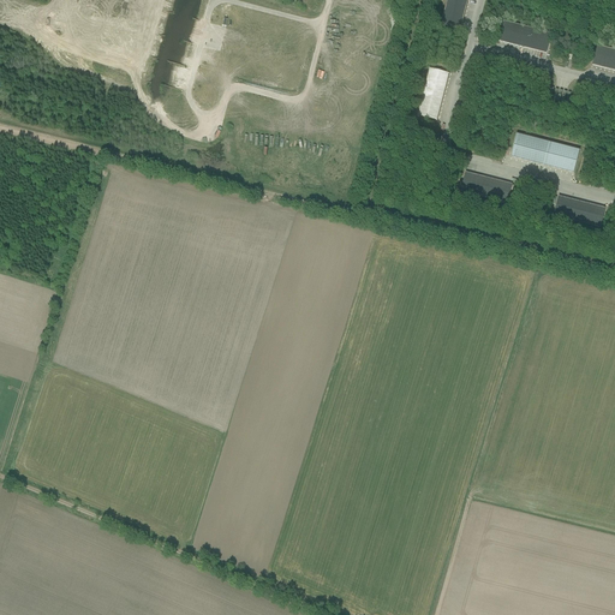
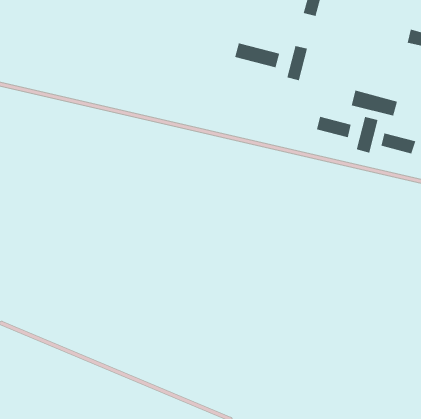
building: [501,19,551,50] -> none
building: none -> [235,42,280,68]
building: none -> [356,116,378,153]

